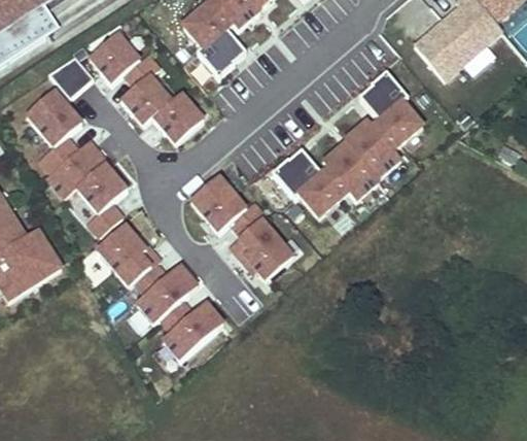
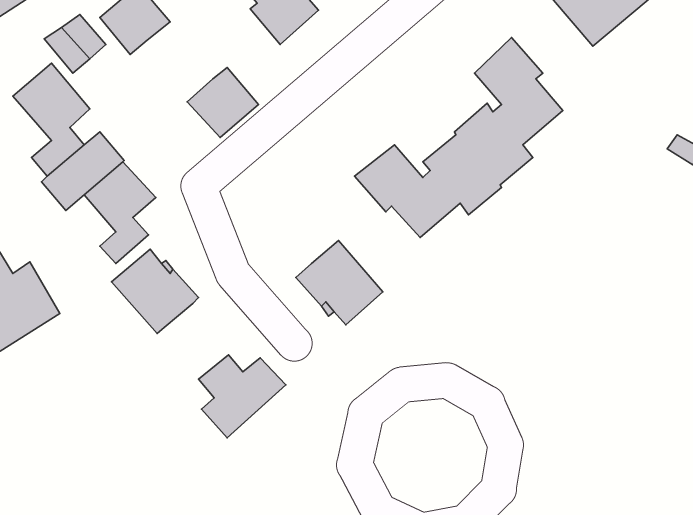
building: [120,53,171,124] -> none
building: [191,174,266,233] -> none
building: [136,262,198,323] -> none

